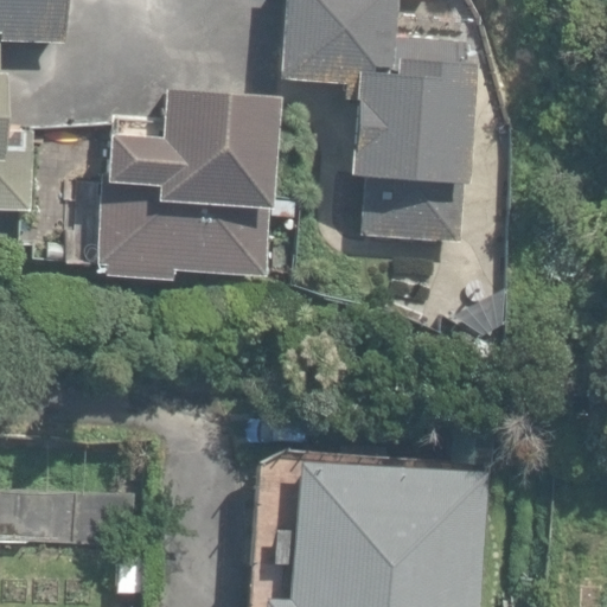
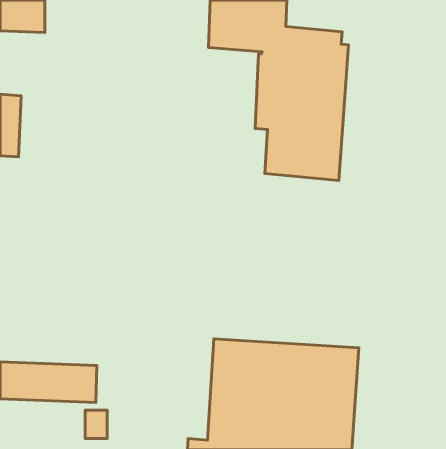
building: [95,88,277,281] -> none

